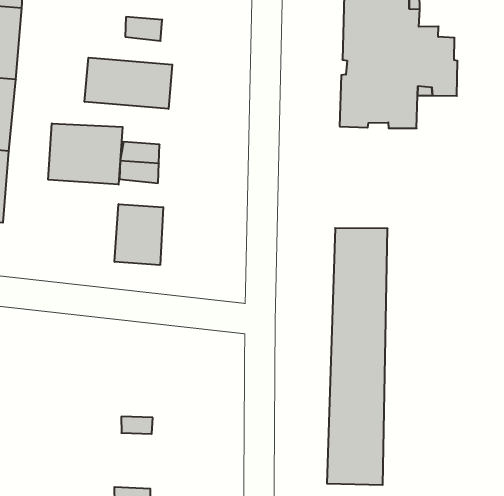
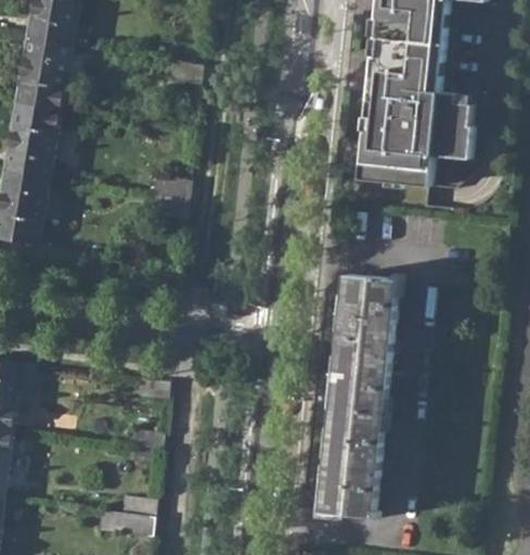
building: [85,58,172,109] -> none
building: [48,123,123,185] -> none
building: [115,204,163,265] -> none

